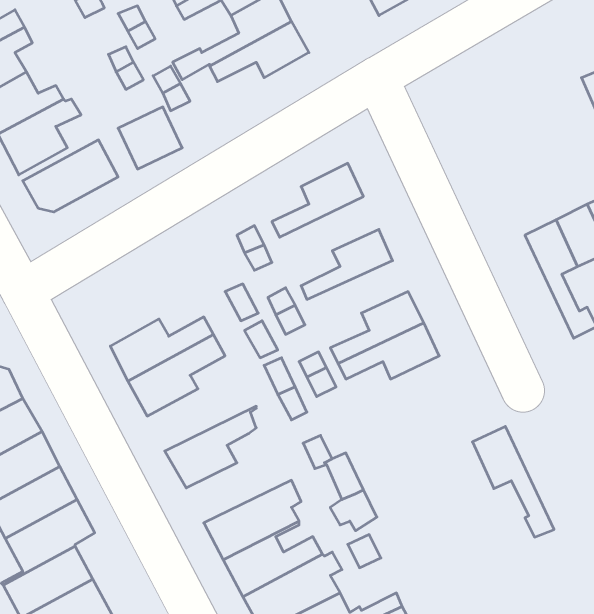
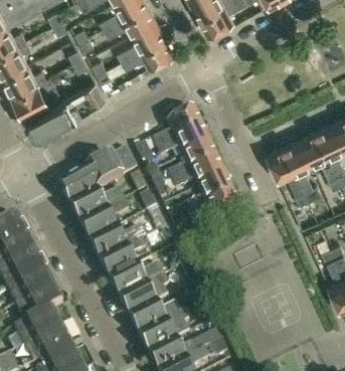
building: none -> [158,126,209,155]
building: none -> [62,146,137,203]
building: none -> [172,159,224,188]
building: none -> [90,225,146,257]
building: [472,426,554,537] -> [268,146,310,203]
building: none -> [110,262,164,295]

